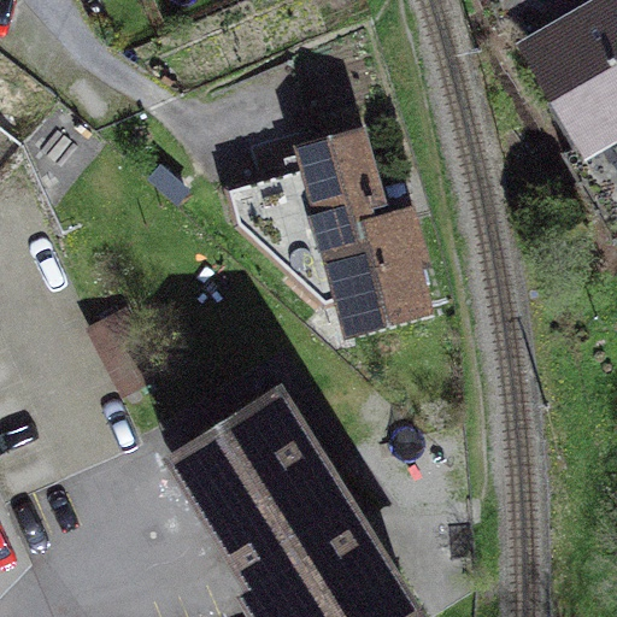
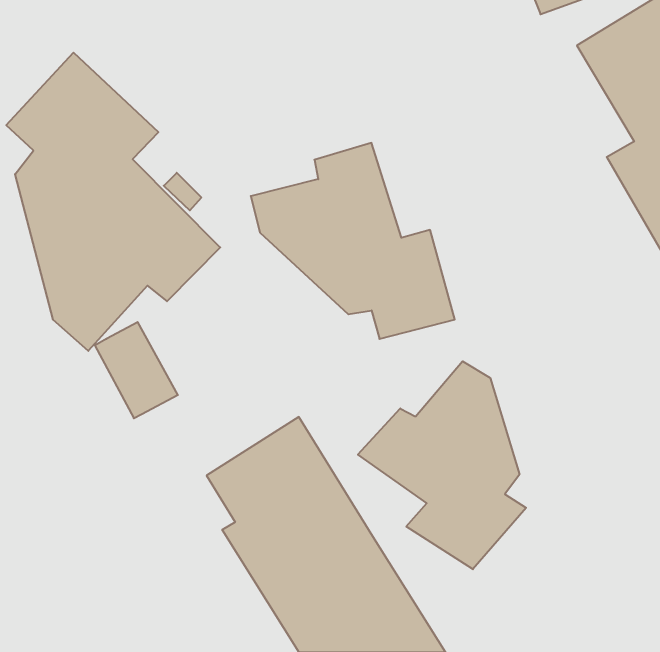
building: none -> [6,53,220,351]
building: none -> [358,361,526,569]

